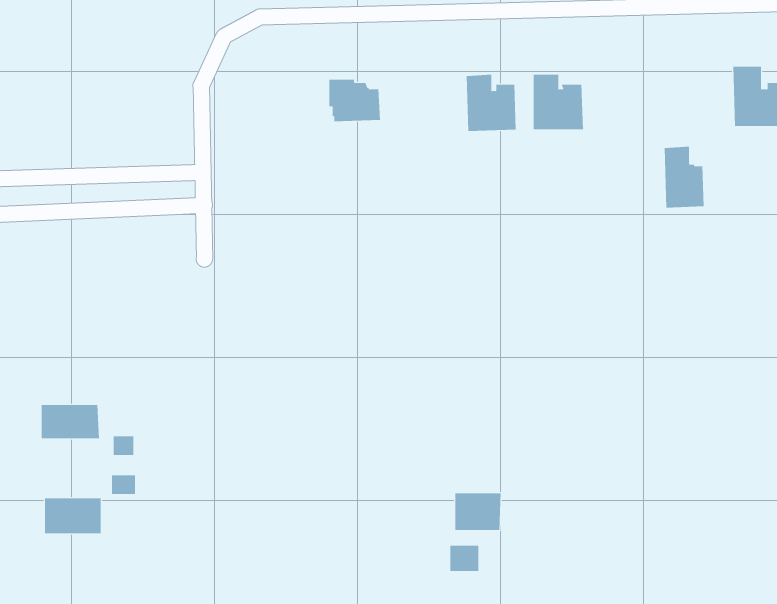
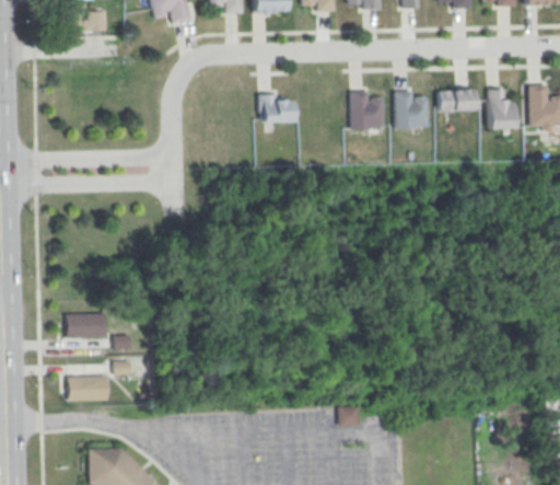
building: none -> [440,91,474,113]
building: [664,146,705,208] -> [488,88,515,129]
building: [455,493,501,531] -> none

